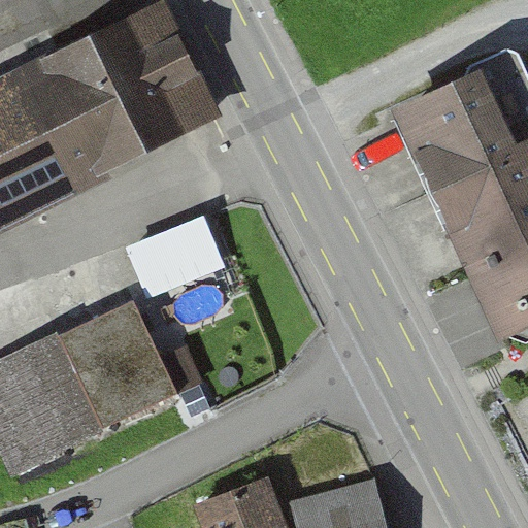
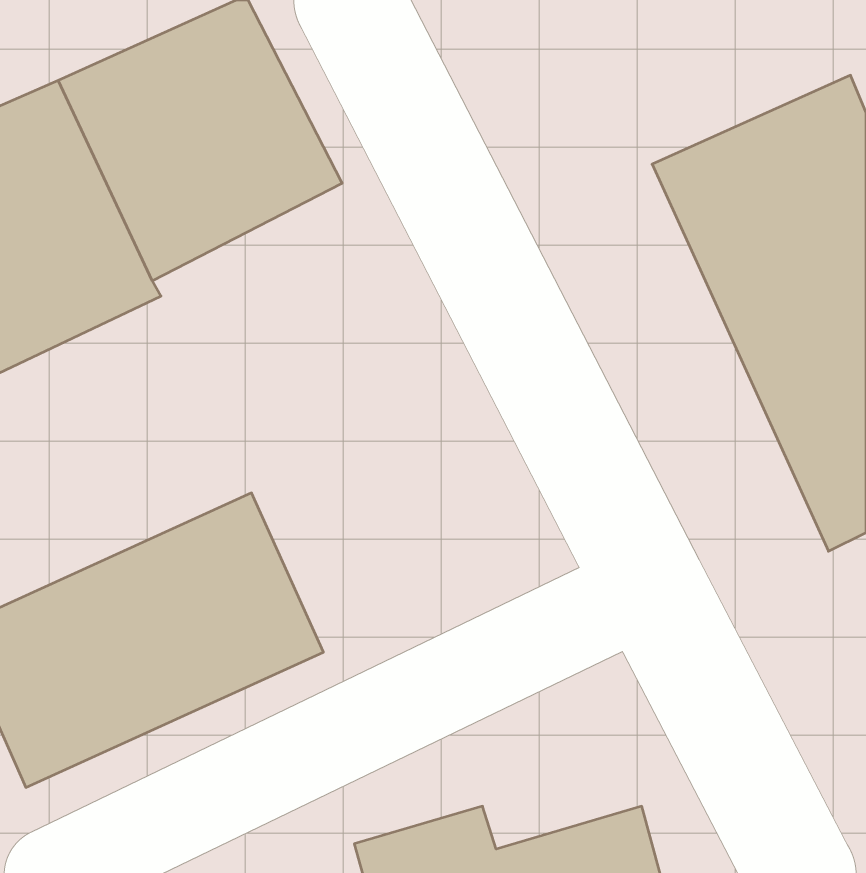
building: [126,218,226,300] -> none

